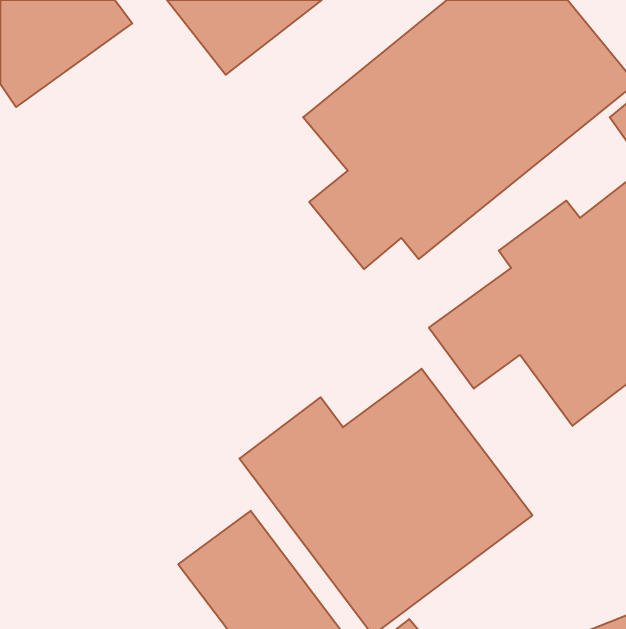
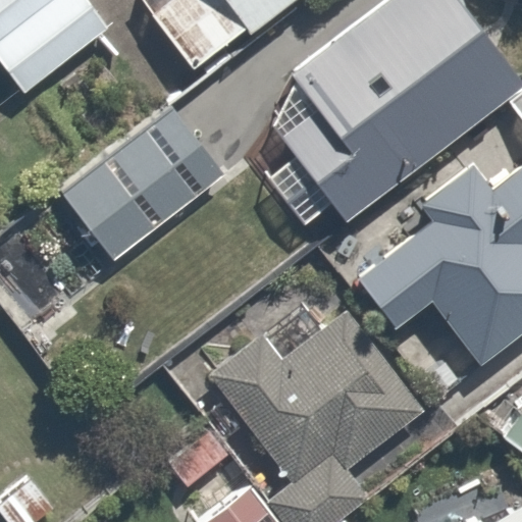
building: none -> [58,111,213,262]

